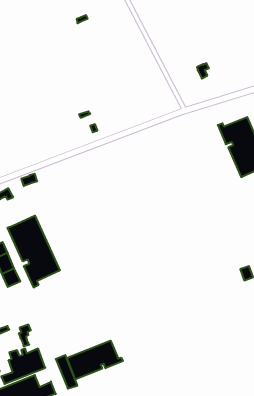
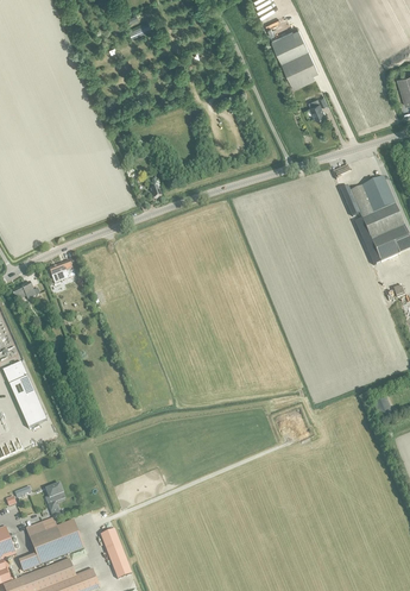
building: none -> [271,27,318,88]
building: [8,216,60,288] -> none
building: [67,341,123,379] -> none

